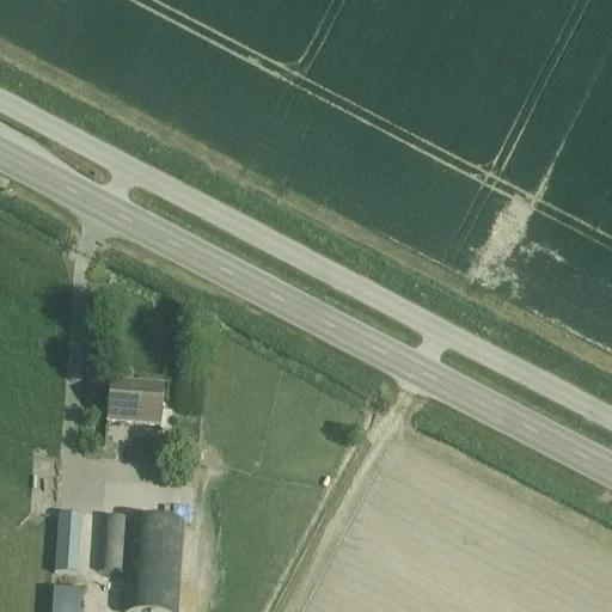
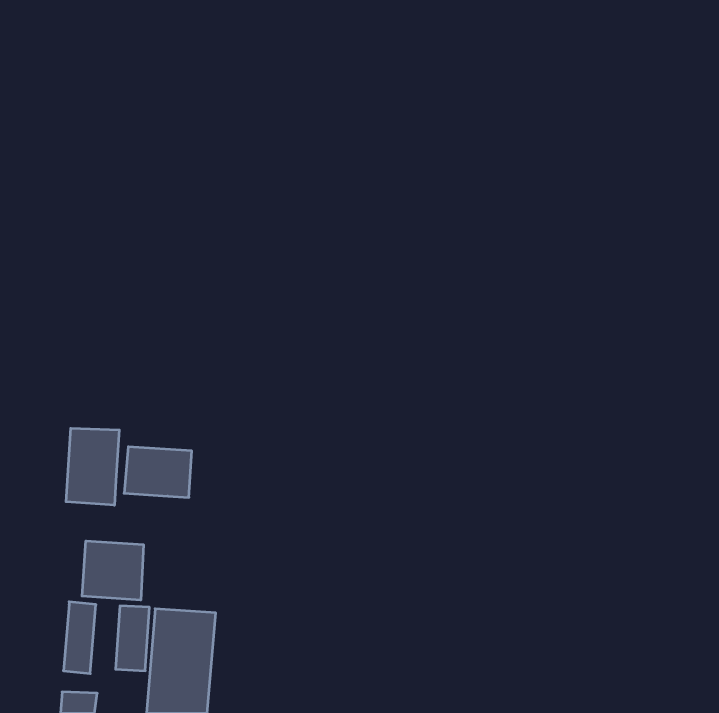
building: none -> [66,428,119,505]
building: none -> [82,541,143,600]

